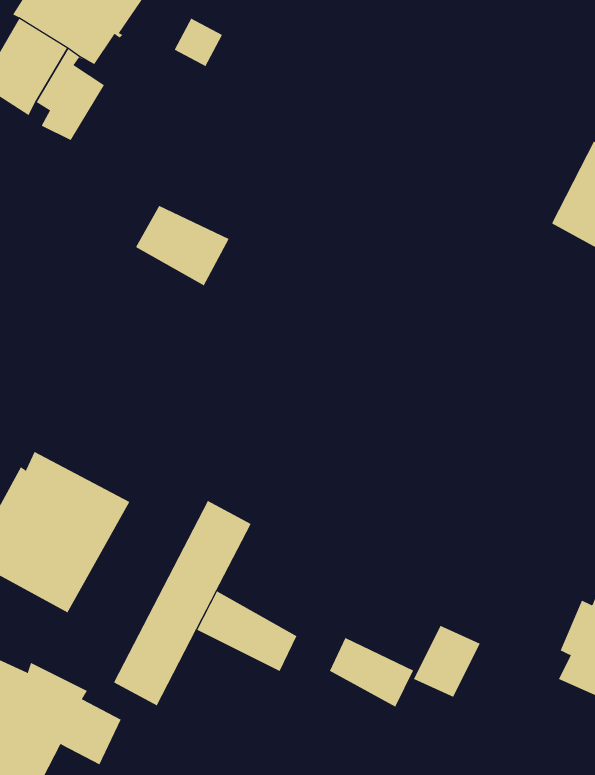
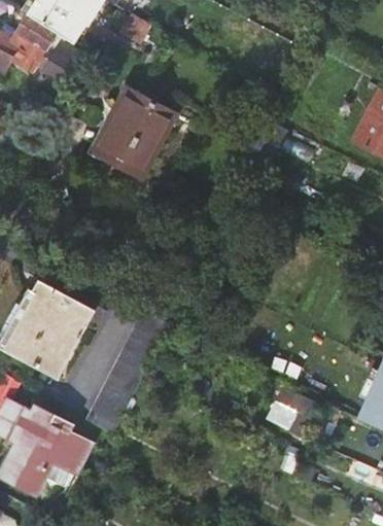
building: none -> [113,89,175,148]
building: [196,590,297,672] -> none
building: [329,637,414,707] -> none

